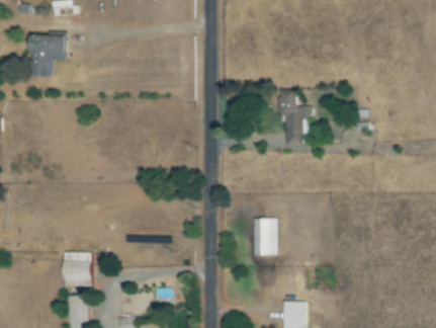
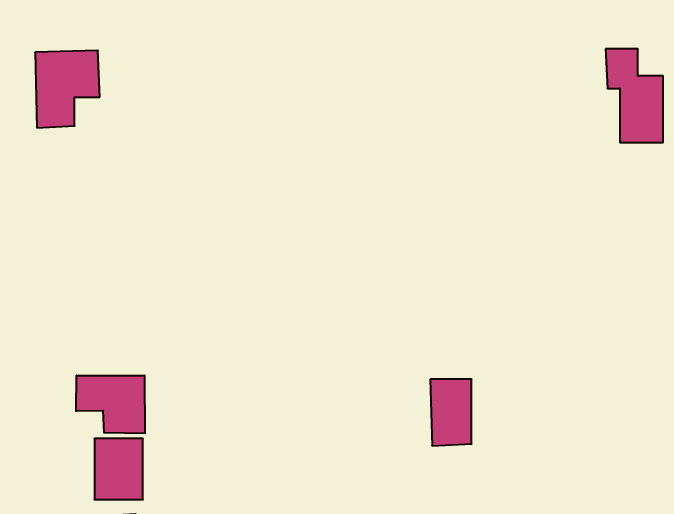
building: [277,91,310,144] -> [606,49,663,142]
building: none -> [76,375,145,433]

